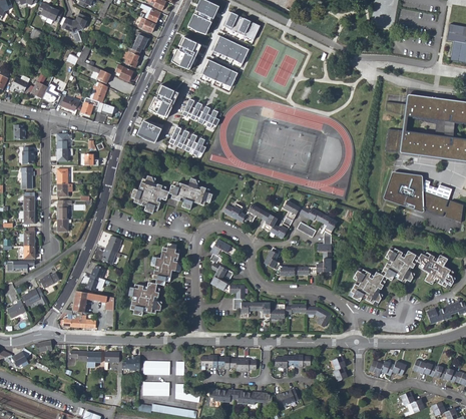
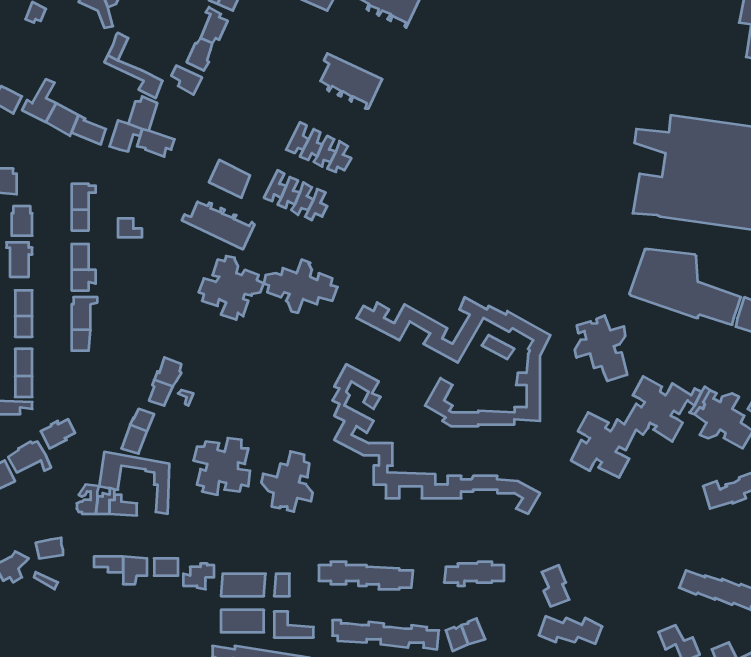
building: [213,34,250,63] -> none
building: [172,36,201,67] -> none
building: [149,83,178,115] -> none
building: none -> [182,202,254,249]
building: none -> [575,315,627,381]
building: [151,243,181,278] -> [261,451,313,512]
building: [369,359,406,375] -> [539,616,602,644]

